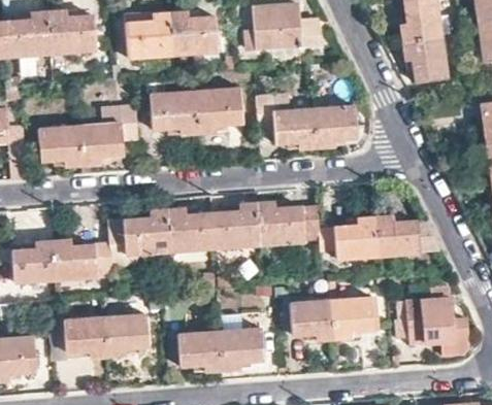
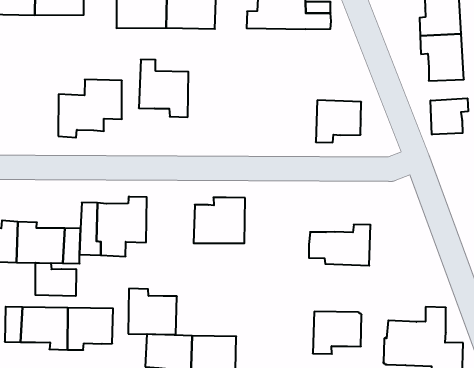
building: [196,89,243,134] -> none
building: [257,94,318,147] -> none
building: none -> [431,98,468,135]
building: [38,124,83,163] -> none
building: [258,202,320,244] -> none
building: [168,209,215,251] -> [128,289,177,335]
building: [374,217,440,255] -> none
building: none -> [35,263,76,296]
building: [289,301,332,340] -> none

